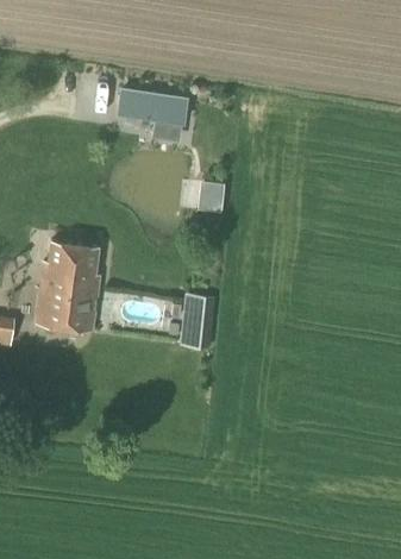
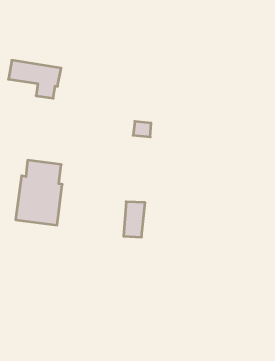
building: [117,88,189,140] -> [8,60,61,98]

